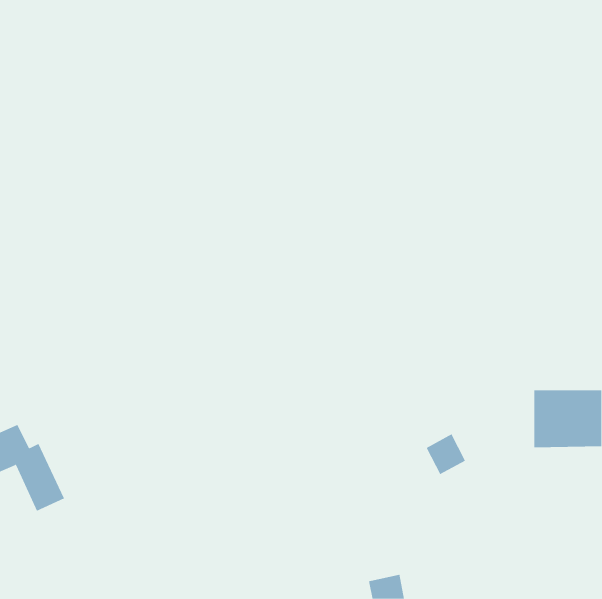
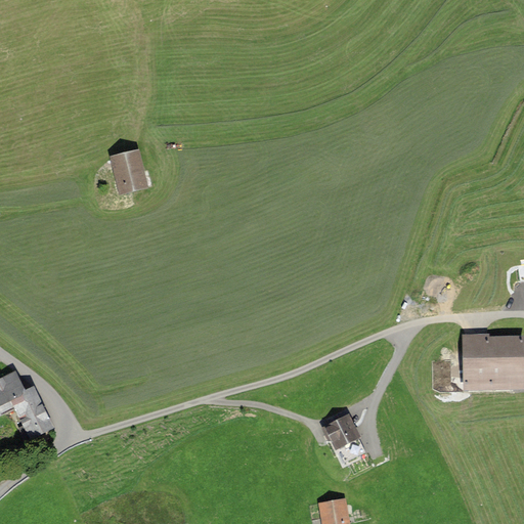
building: none -> [112,150,149,192]
building: [426,434,466,475] -> [322,410,357,446]

